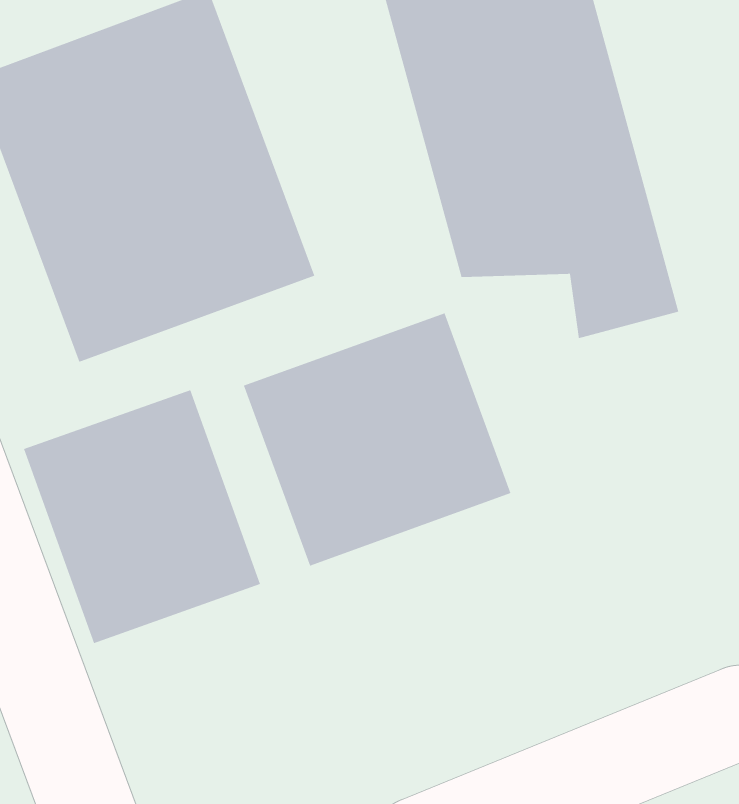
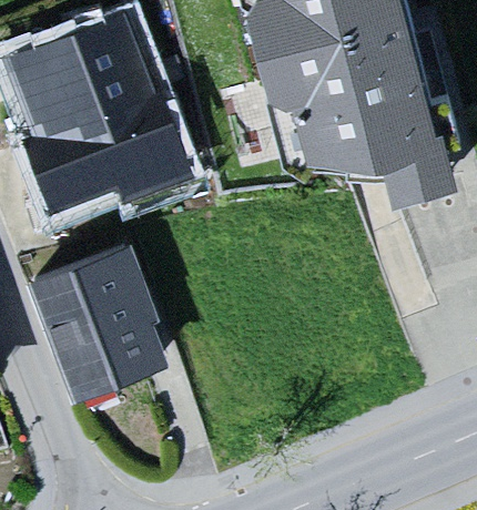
building: [243,312,511,566] -> none

